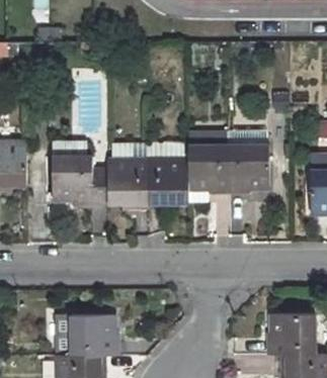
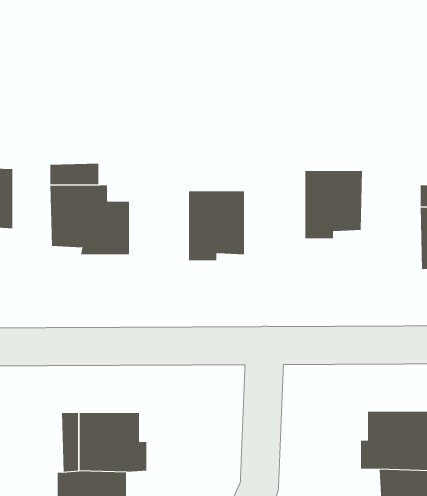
building: [187,145,229,197] -> none
building: [106,159,148,208] -> none

